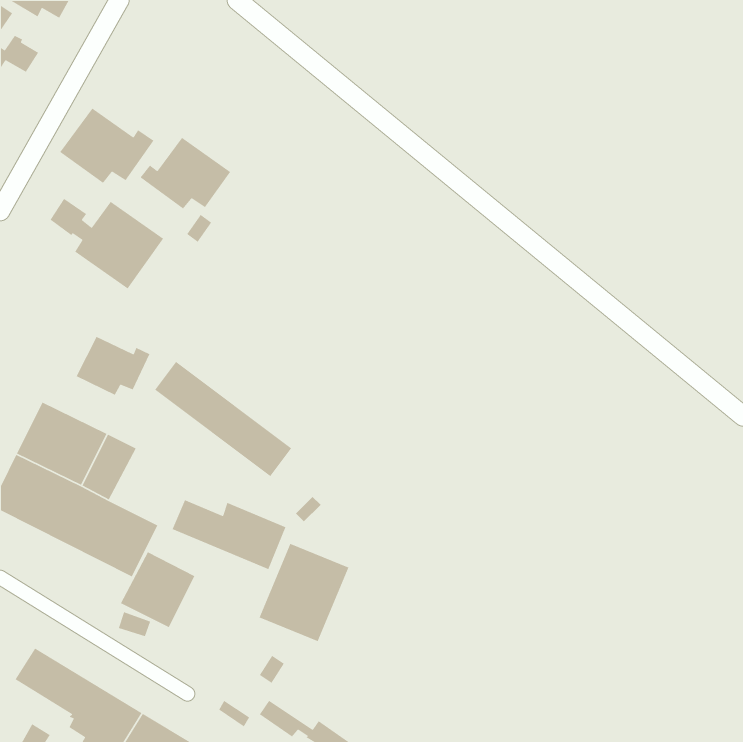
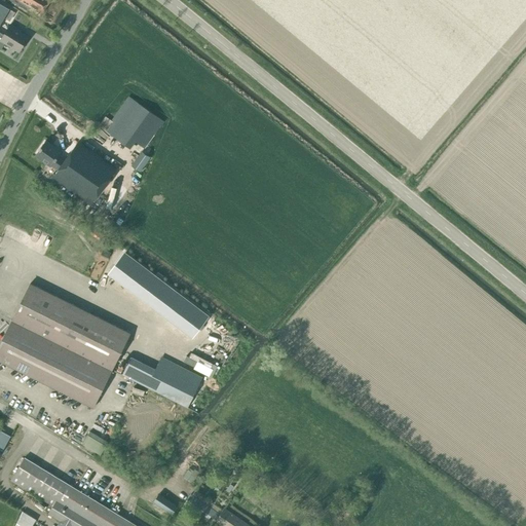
building: [59,107,154,184] -> none
building: [75,336,151,396] -> none
building: [259,543,350,642] -> none
building: [120,551,195,628] -> [77,317,130,372]

